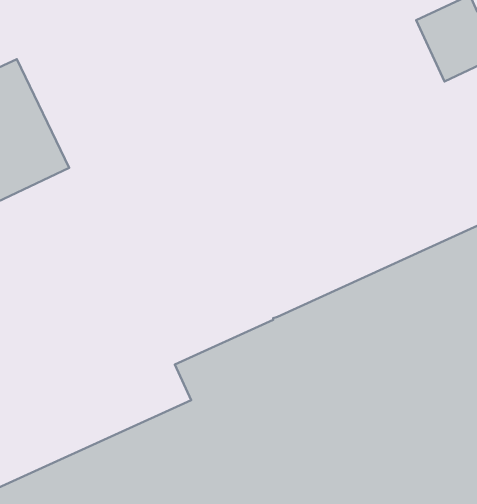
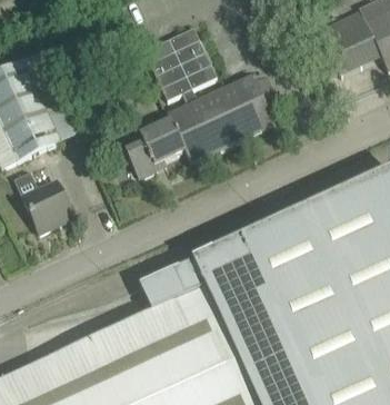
building: none -> [126,24,281,175]
building: none -> [22,178,71,230]

